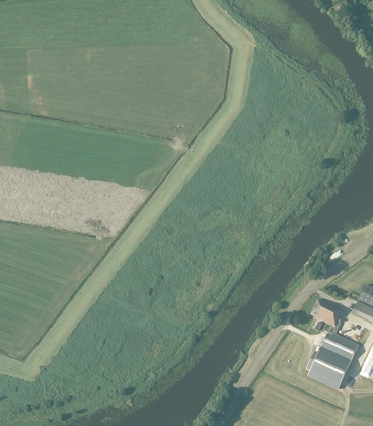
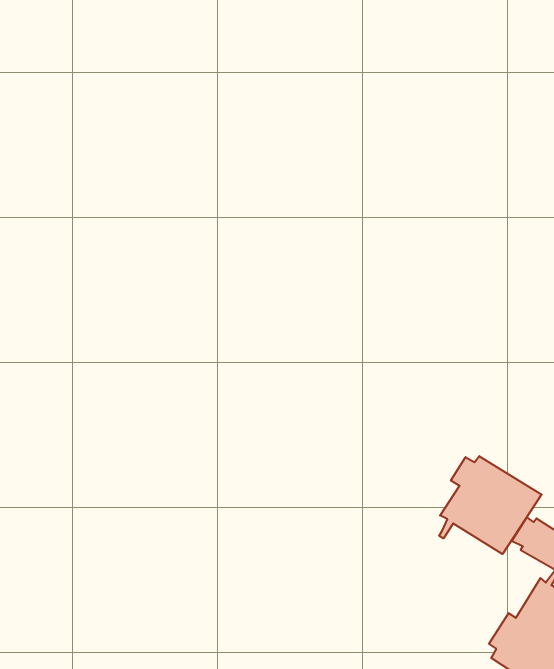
building: none -> [439,456,542,554]

